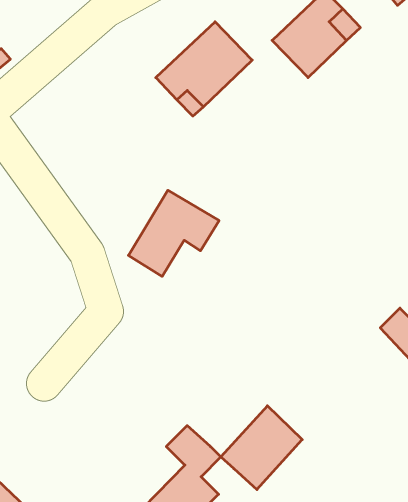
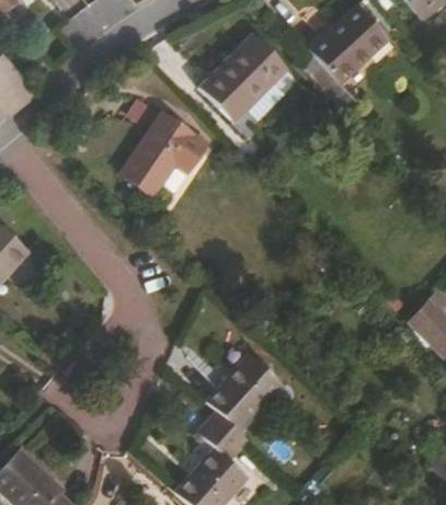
building: [128,190,219,276] -> [115,110,201,191]
building: [221,406,302,490] -> [208,353,285,432]

